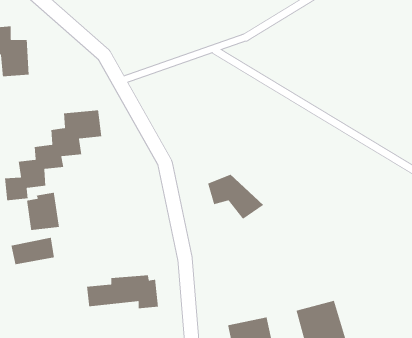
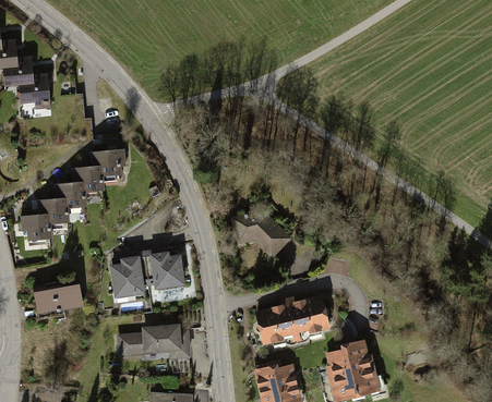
building: [26,192,60,231] -> [104,255,139,295]
building: none -> [142,249,180,289]
building: none -> [255,295,339,353]

